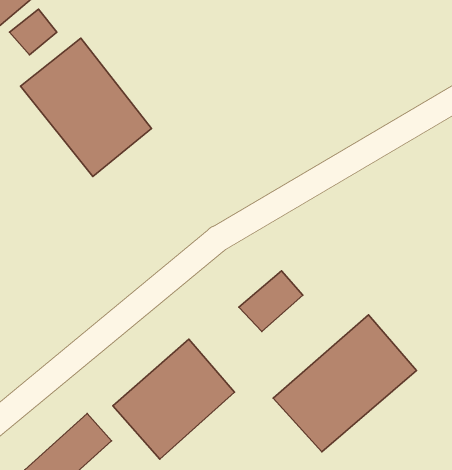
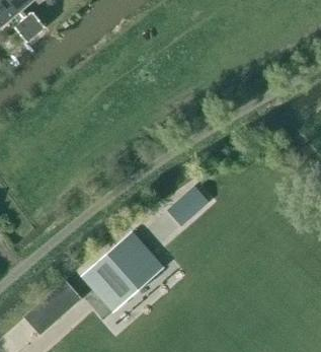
building: [21,38,151,177] -> none
building: [273,315,417,452] -> none

